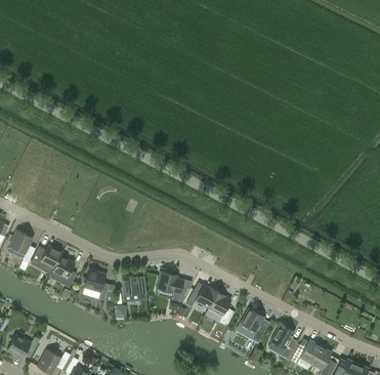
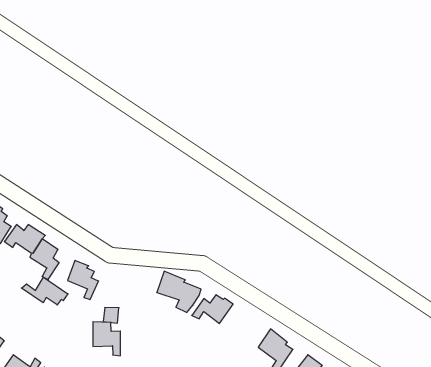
building: [122,275,146,300] -> [93,322,120,356]
building: none -> [21,277,68,305]
building: [208,292,231,325] -> none

